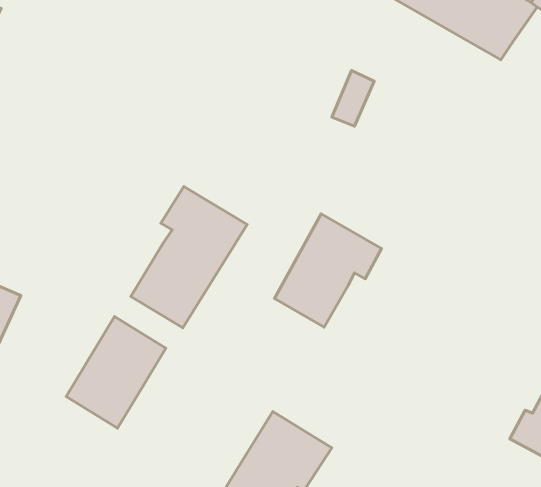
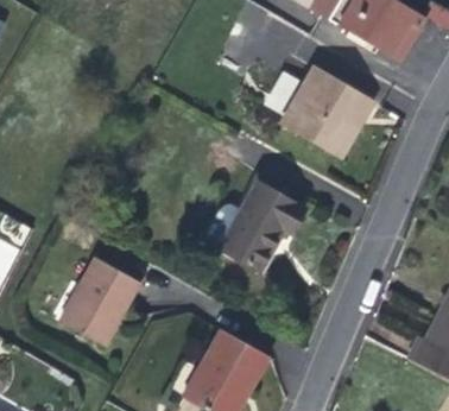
building: none -> [283,65,374,157]
building: [131,187,247,328] -> none

